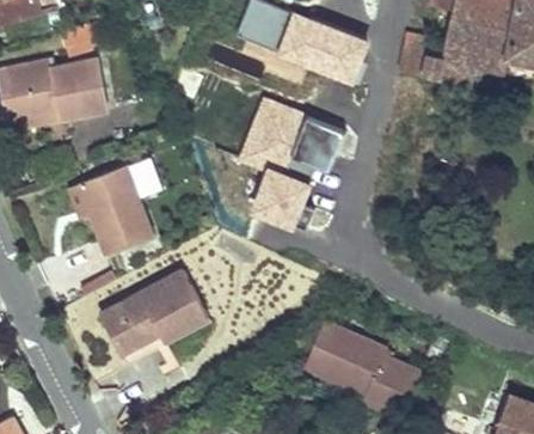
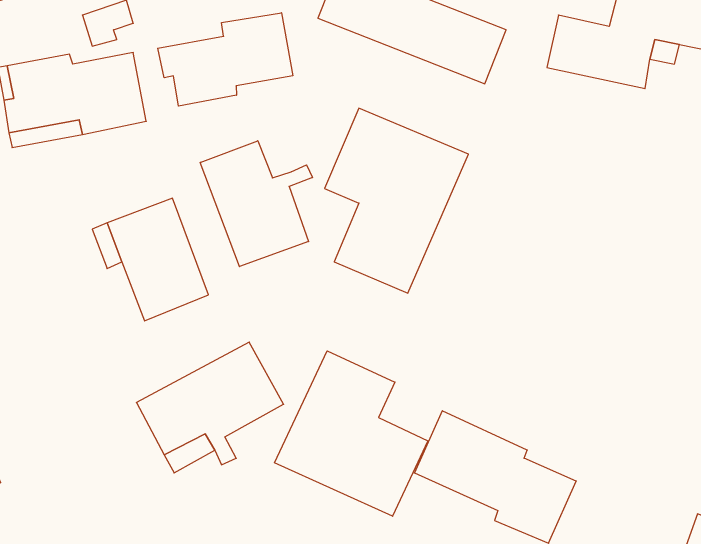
building: none -> [158,13,293,106]
building: none -> [200,141,312,267]
building: none -> [275,351,428,516]

